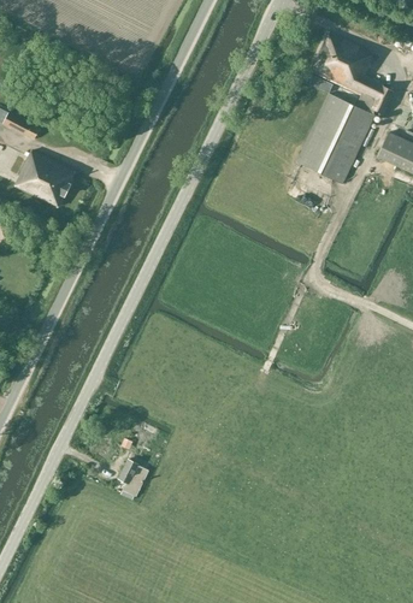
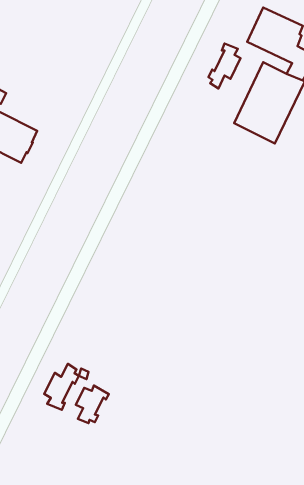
building: none -> [208,44,240,88]
building: none -> [44,364,79,410]

